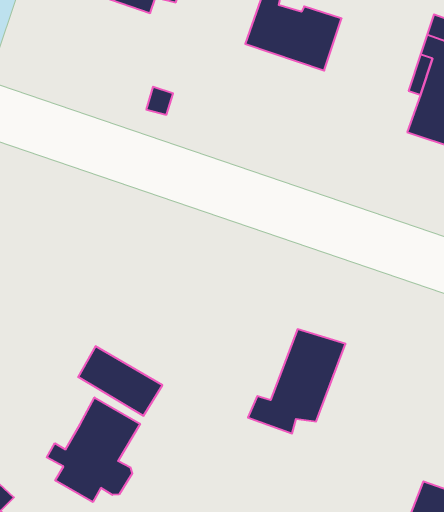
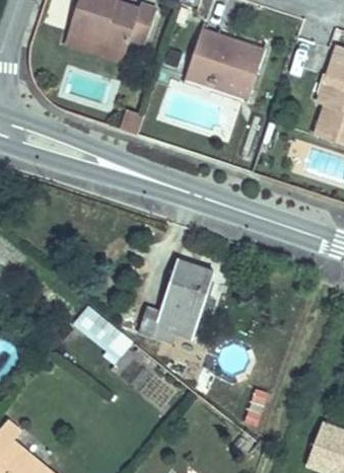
building: [248,329,346,434] -> [143,259,217,338]
building: [47,397,140,502] -> none

